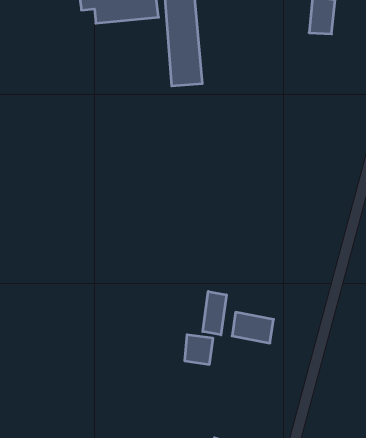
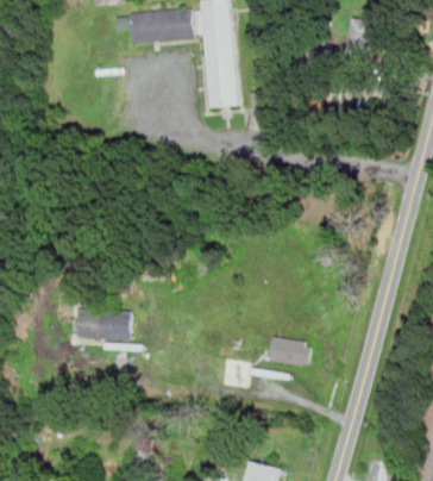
building: none -> [77,310,131,339]
building: [203,291,226,335] -> none

